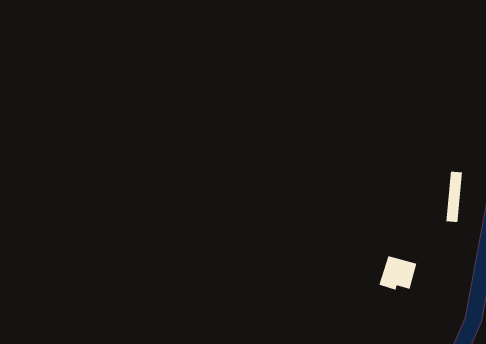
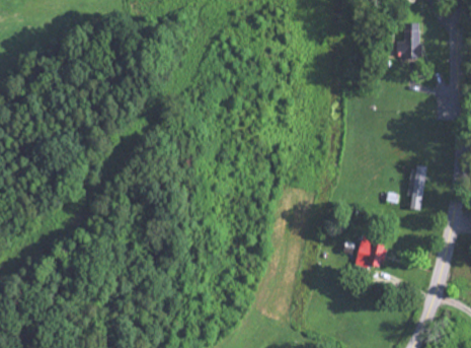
building: none -> [396,24,421,61]

